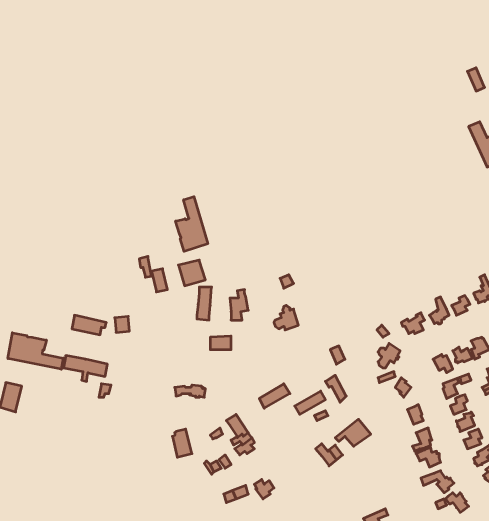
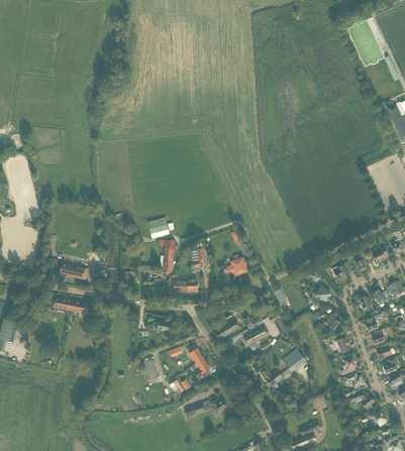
building: [176,197,208,251] -> none
building: [8,333,63,369] -> none

